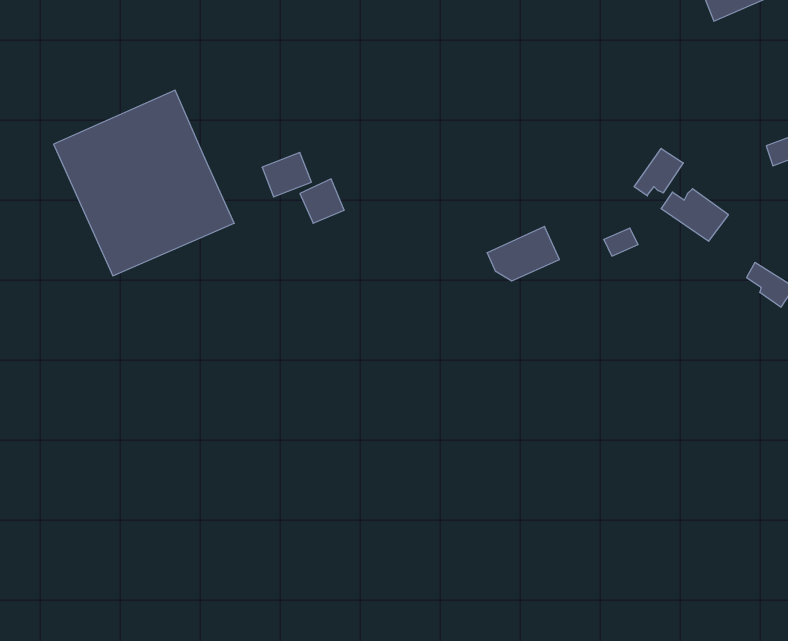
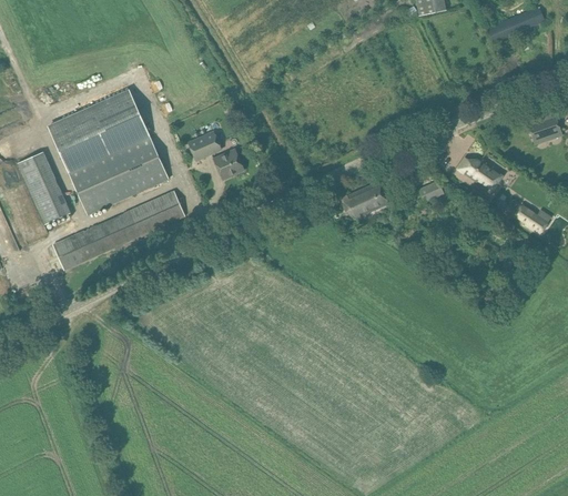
building: [634,148,683,196] -> none
building: none -> [18,151,72,224]
building: none -> [53,190,185,270]

